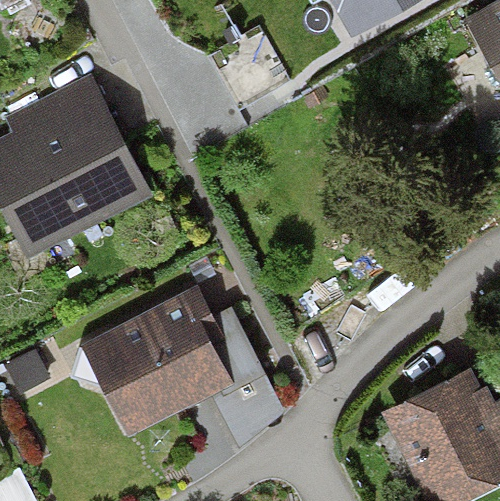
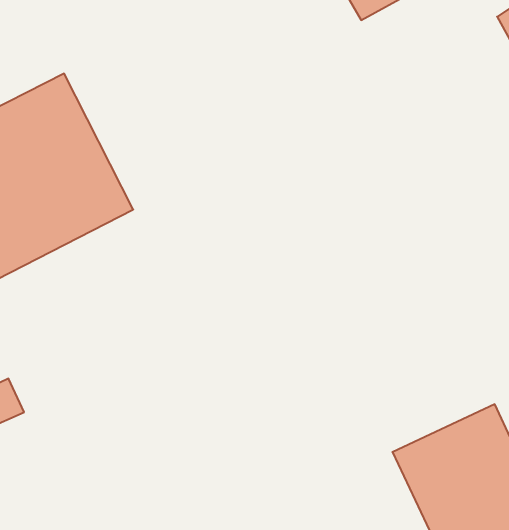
building: [81,288,233,434] -> none

